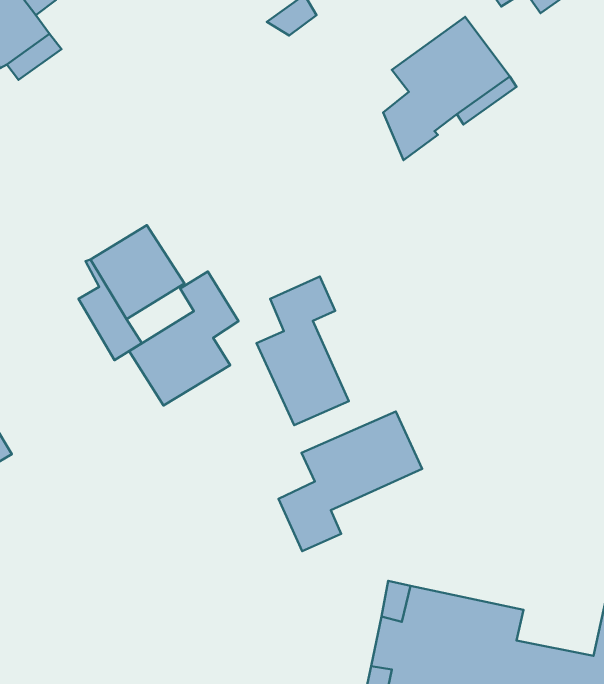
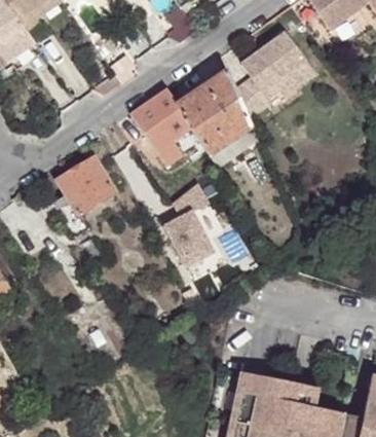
building: none -> [131,68,253,165]
building: [129,272,238,405] -> none
building: [279,411,422,551] -> none

